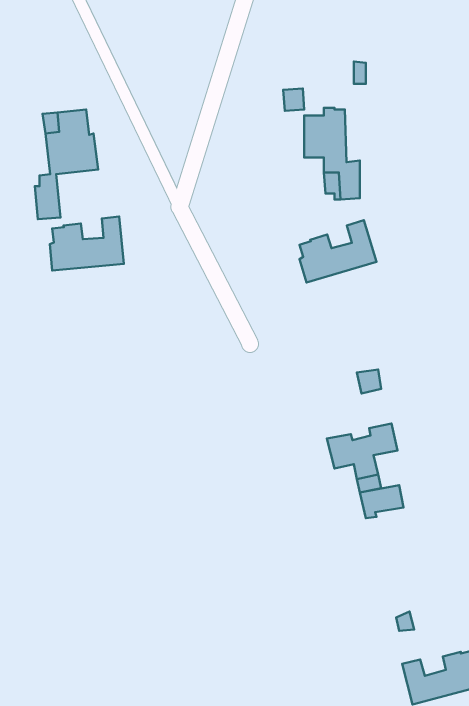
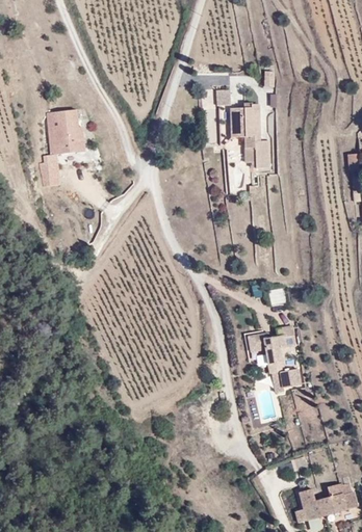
building: [50,217,124,270] -> none
building: [299,220,376,282] -> none

